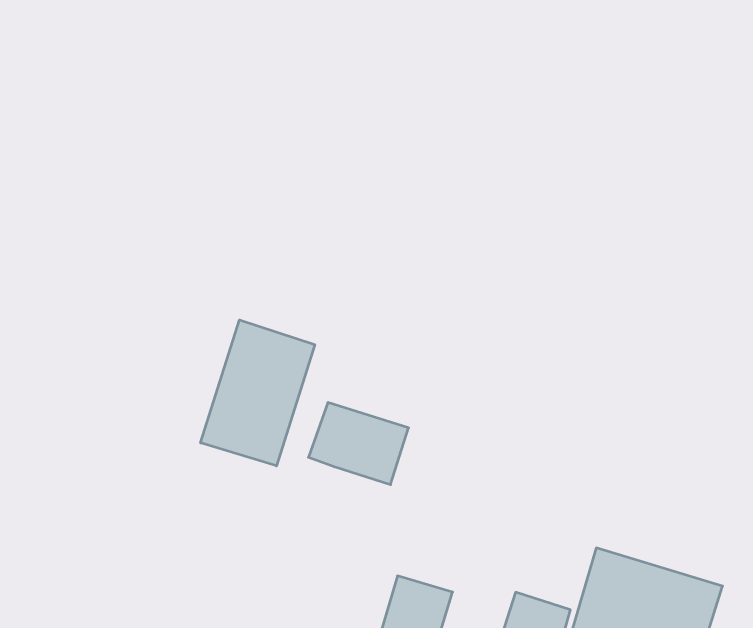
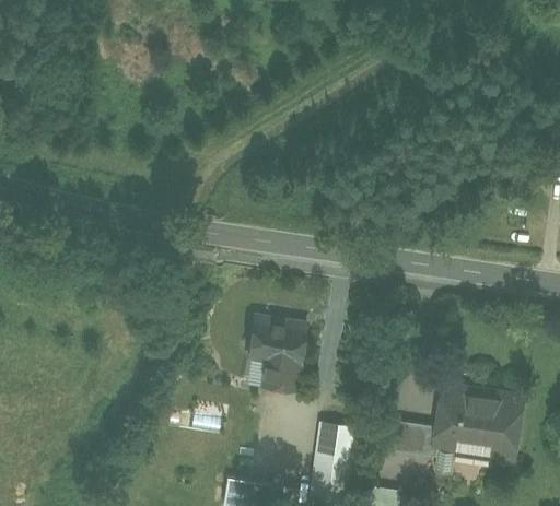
building: [201,320,315,466] -> none
building: none -> [260,358,303,390]

